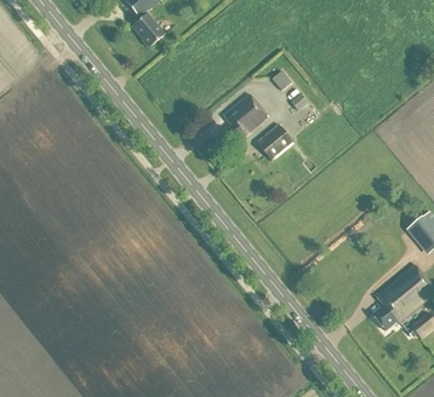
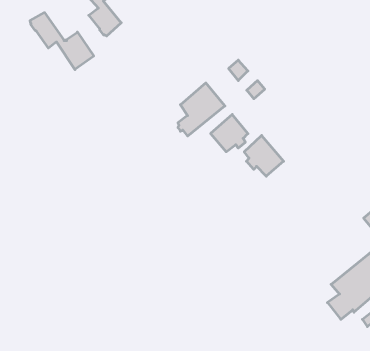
building: none -> [30,13,94,70]
building: none -> [244,135,284,176]

